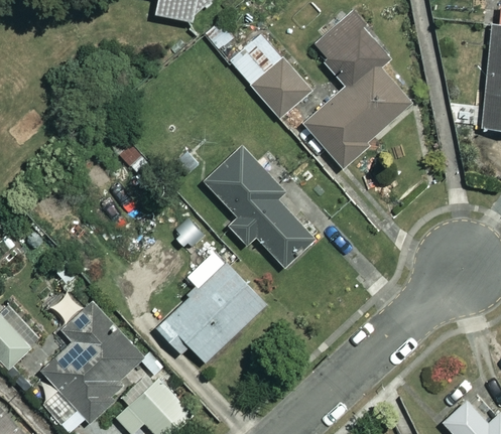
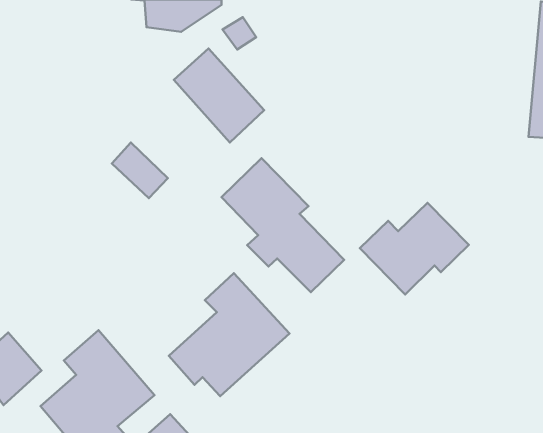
building: [303,17,409,167] -> none
building: [230,35,311,120] -> [174,49,264,143]
building: none -> [360,203,469,295]

